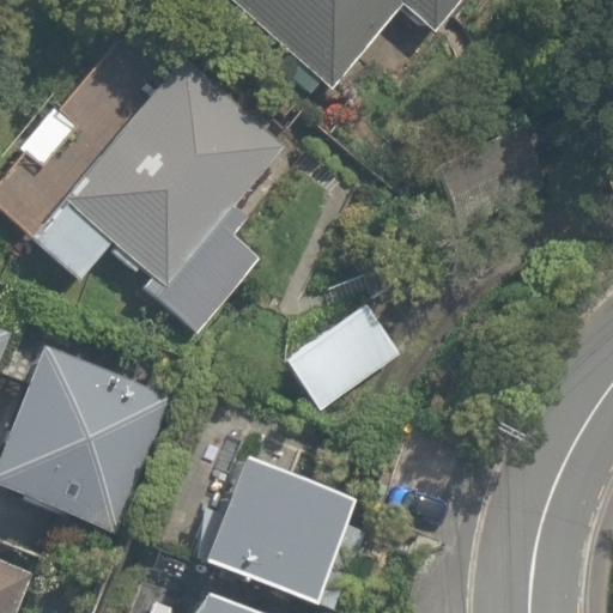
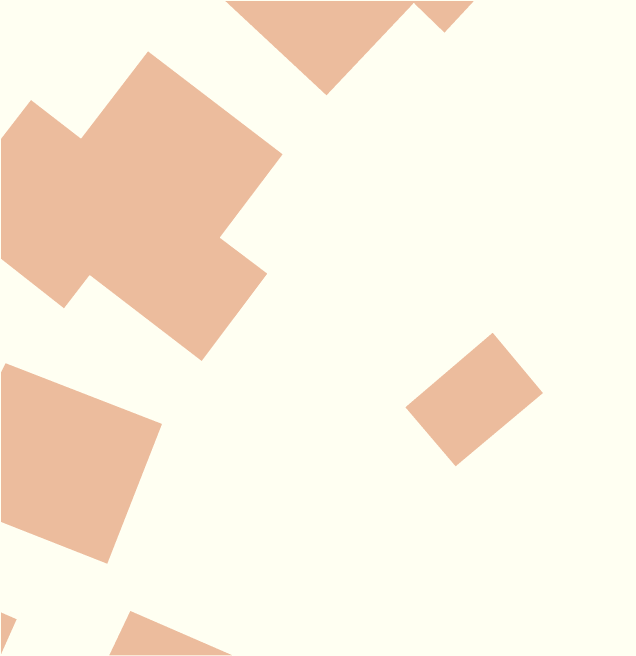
building: [273,292,403,419] -> [404,331,544,467]
building: [160,442,323,594] -> none

